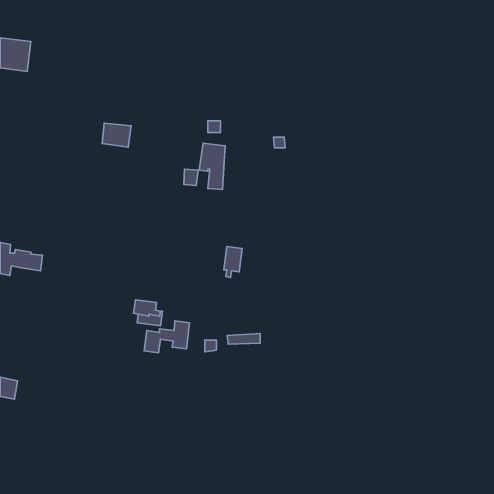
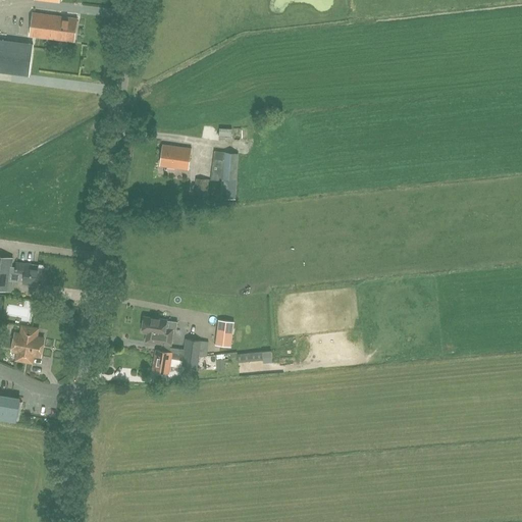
building: none -> [30,12,76,42]
building: [102,123,131,147] -> [160,145,191,170]
building: [224,247,242,277] -> [215,320,234,353]
building: none -> [11,326,43,363]

